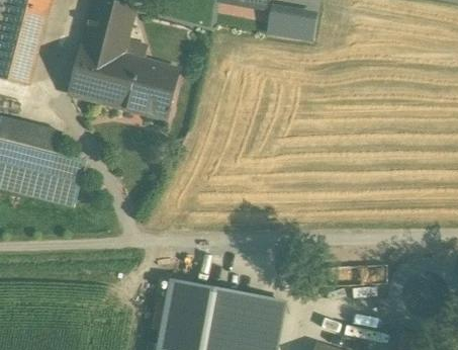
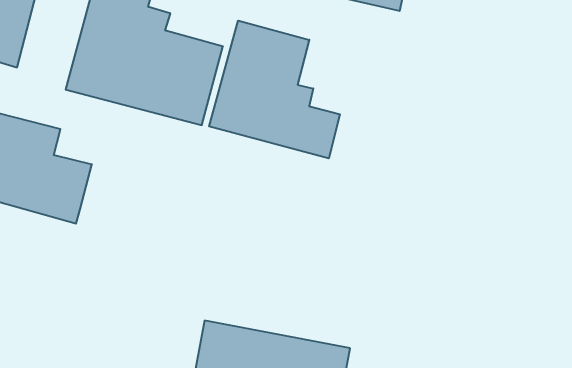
building: none -> [209,21,340,158]

